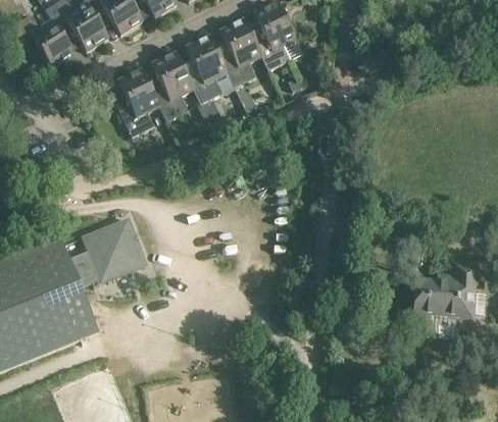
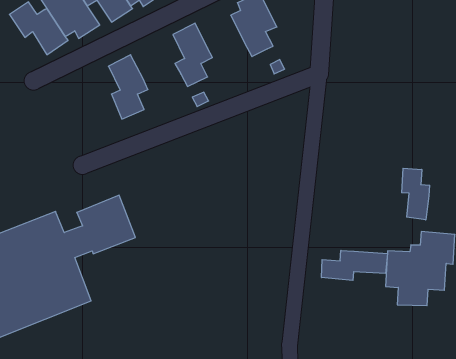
building: [219,19,261,87] -> none
building: [152,53,193,120] -> none
building: none -> [402,168,430,220]
building: none -> [322,250,387,280]

